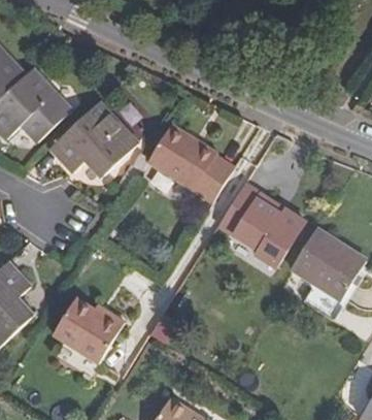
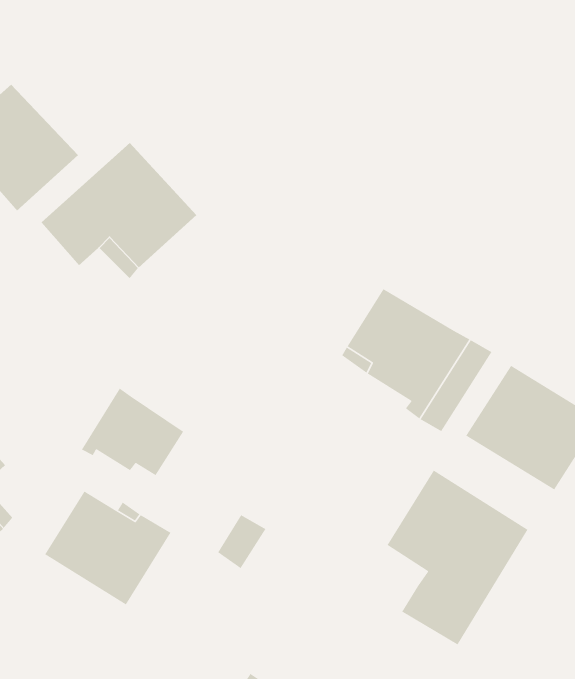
building: [146,124,233,201] -> none
building: none -> [81,388,184,476]
building: none -> [387,469,529,646]

